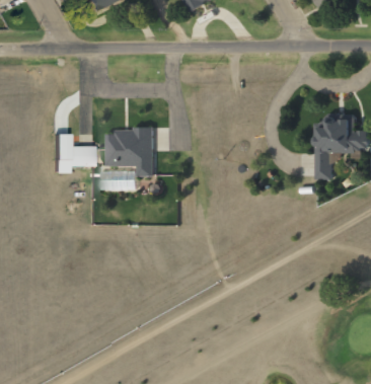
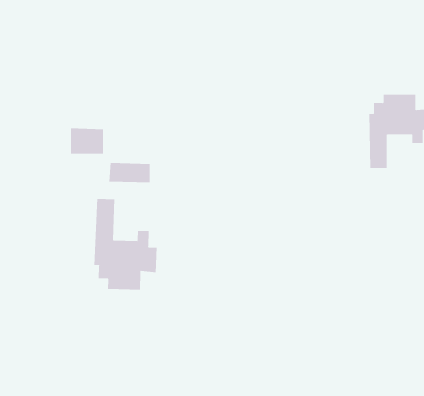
building: [107,125,156,173] -> none
building: none -> [94,198,157,290]

